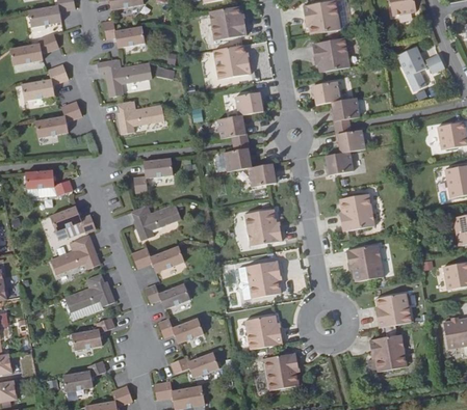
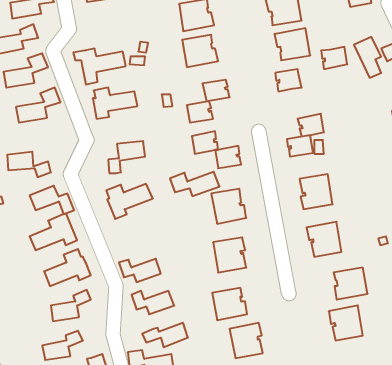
building: [103,21,146,48] -> none
building: [332,98,360,121] -> [321,47,347,69]
building: [132,246,185,272] -> [170,172,220,196]

